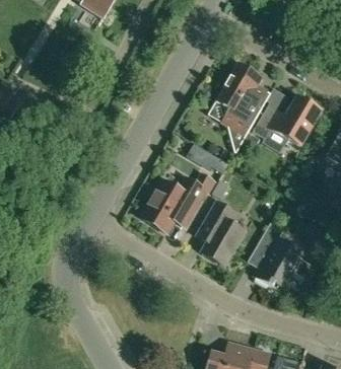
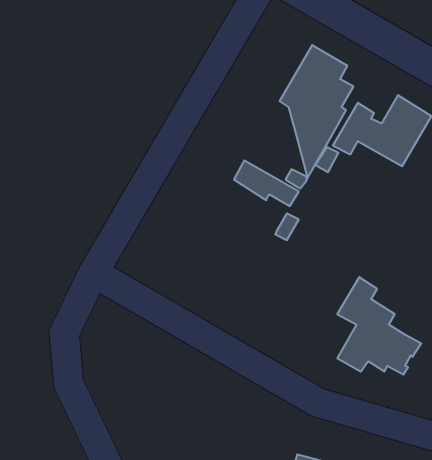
building: [140,174,213,231] -> none
building: [196,201,244,266] -> none

